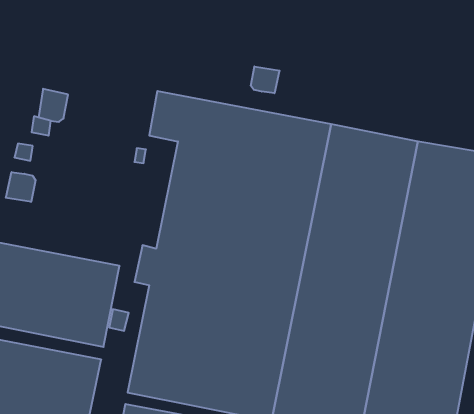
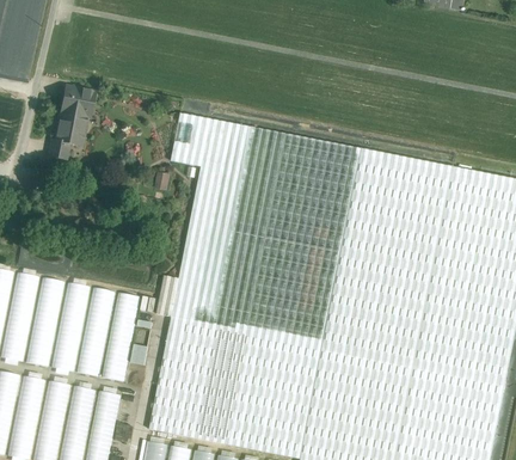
building: none -> [61,86,96,118]
building: [251,66,280,93] -> none
building: [6,172,35,202] -> none

